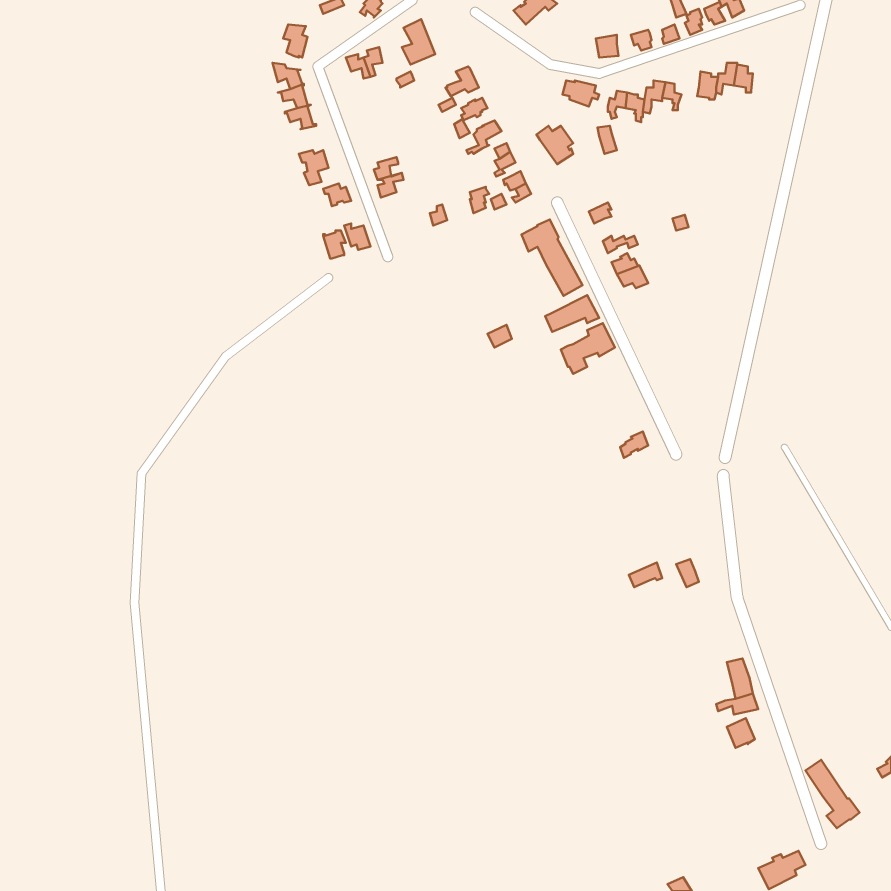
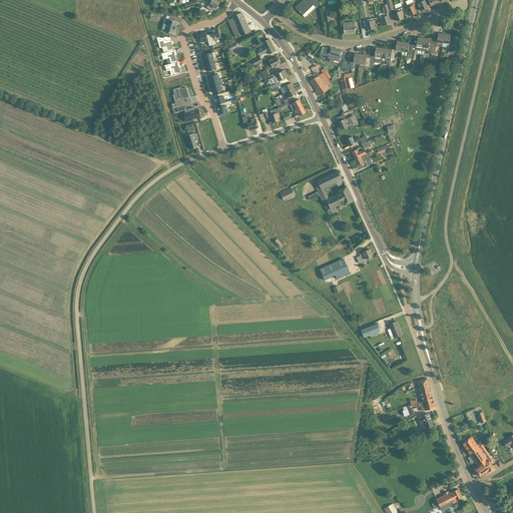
building: [522,219,583,296] -> none
building: none -> [319,259,350,280]

